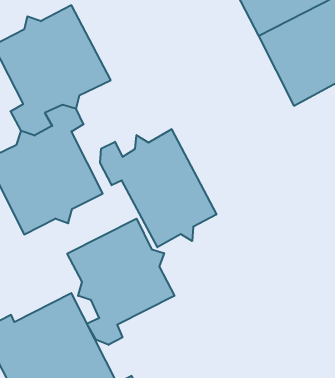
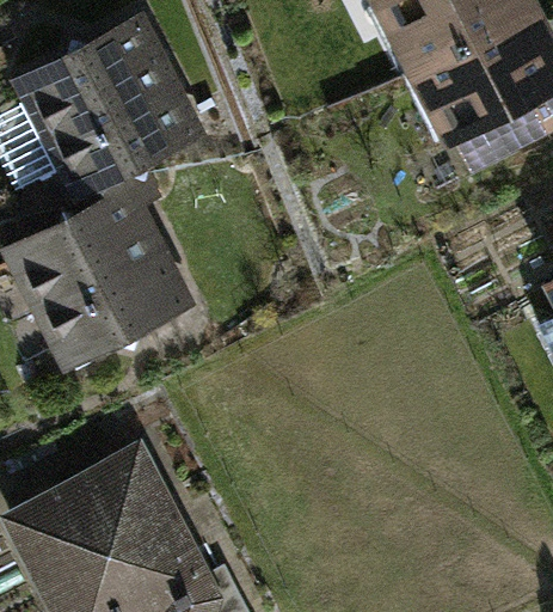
building: [100,129,216,247] -> none
building: [67,219,174,345] -> none

